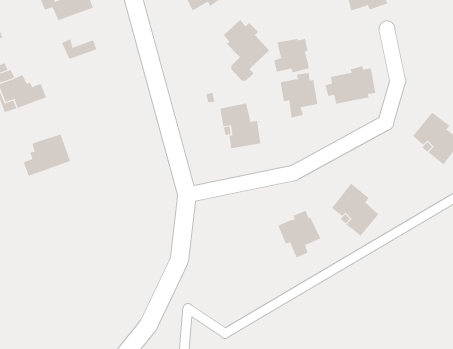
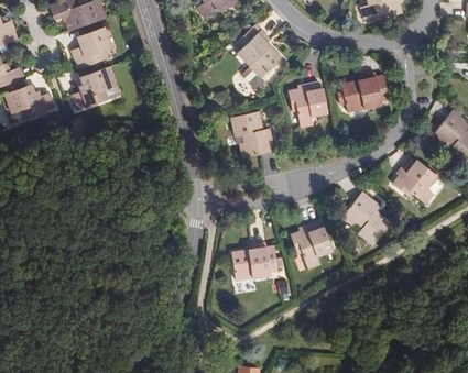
building: none -> [77,25,110,54]
building: [274,38,310,73] -> none
building: [23,134,71,176] -> [72,65,120,108]
building: none -> [392,156,436,202]
building: none -> [232,242,277,279]

